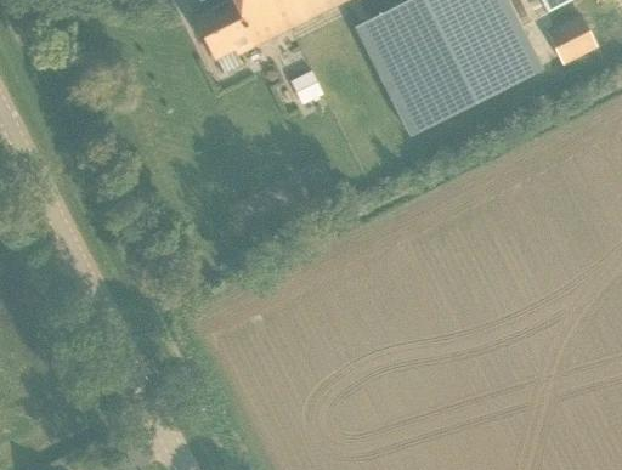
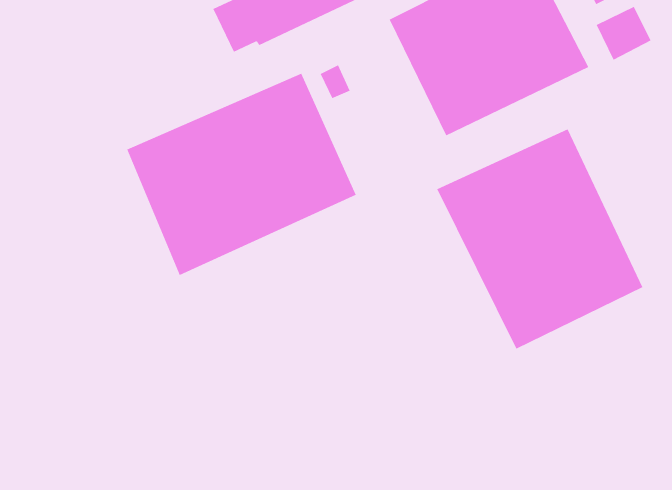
building: none -> [127,73,357,276]
building: none -> [436,129,643,350]

